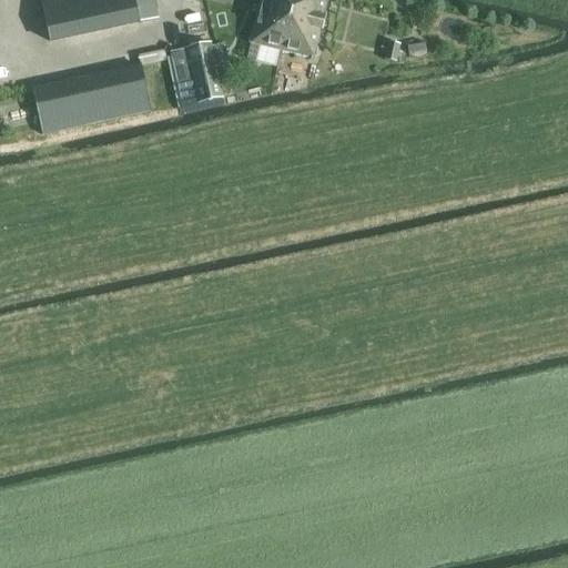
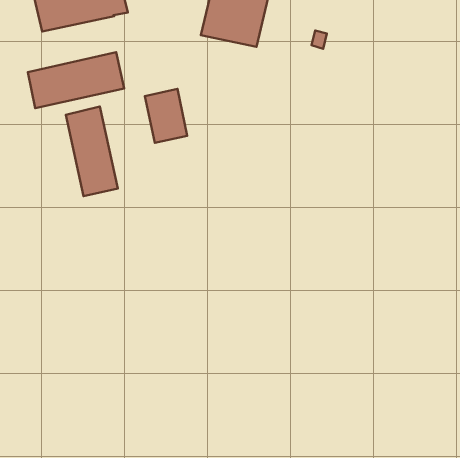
building: [171,40,223,106] -> [145,89,187,143]
building: none -> [66,107,118,196]

